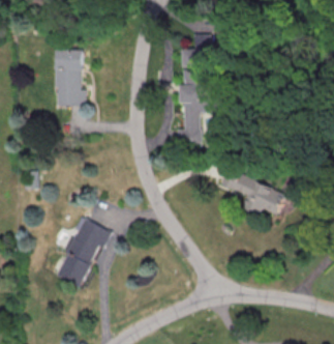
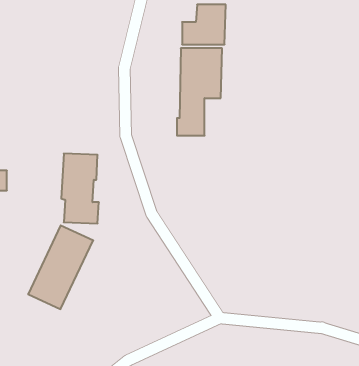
building: [53,49,84,107] -> [61,154,99,223]
building: [219,169,287,217] -> none

